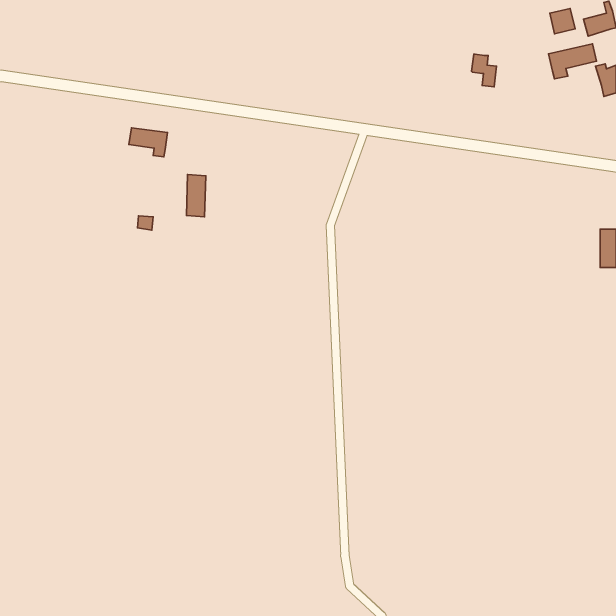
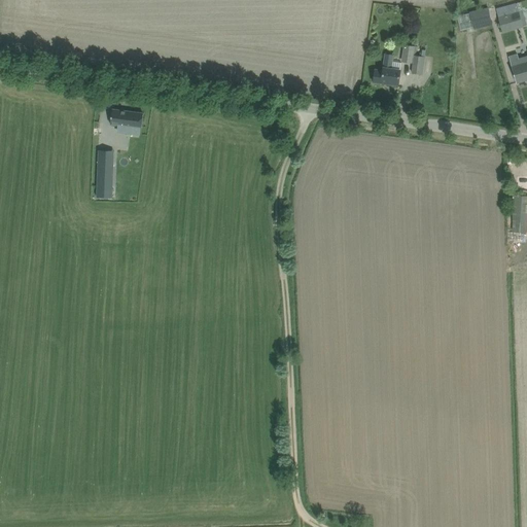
building: [549,44,597,79] -> none
building: none -> [374,52,399,84]
building: [186,175,206,217] -> [97,162,113,198]

